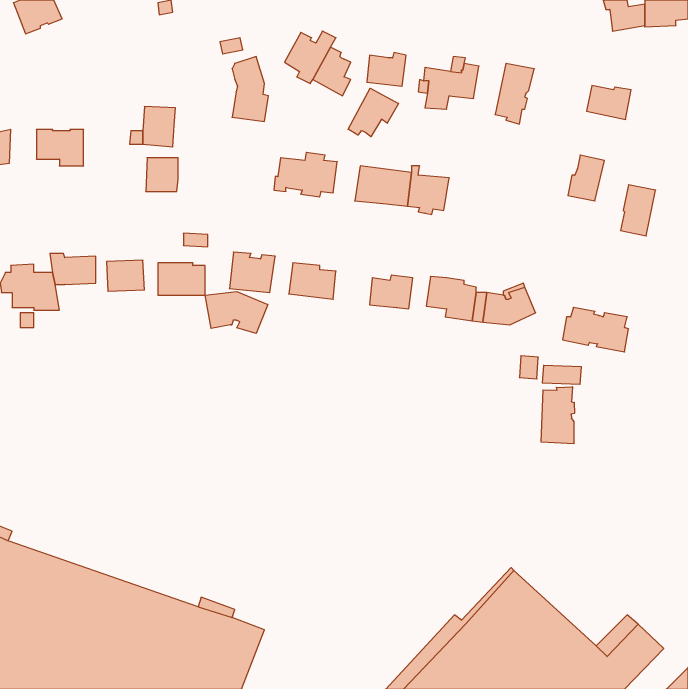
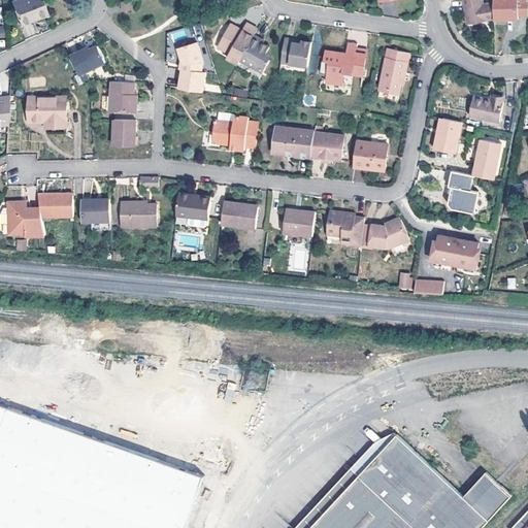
building: none -> [70,45,104,74]
building: [587,86,631,119] -> [469,97,503,123]
building: [348,88,399,137] -> none
building: none -> [353,140,387,170]
building: none -> [447,171,477,213]
building: [205,292,268,333] -> none
building: [541,387,574,444] -> none

